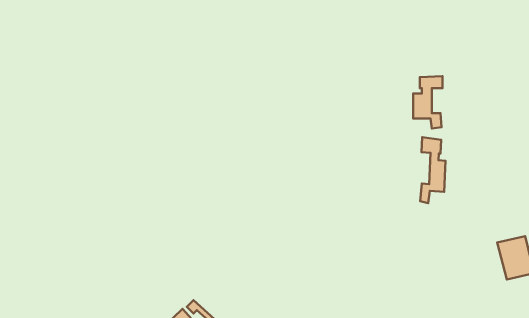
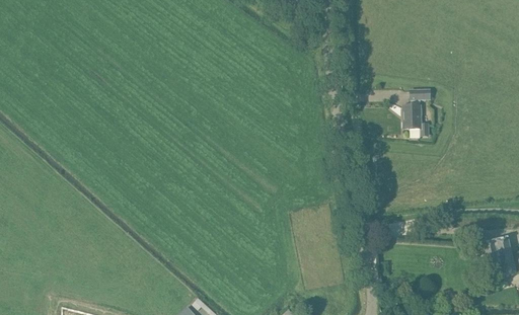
building: [420,137,446,203] -> none

